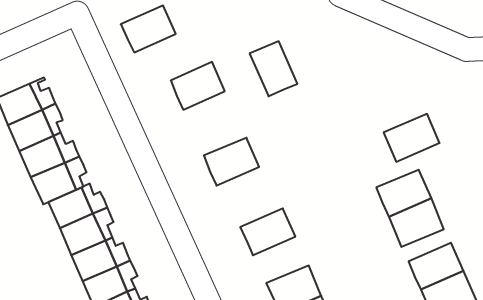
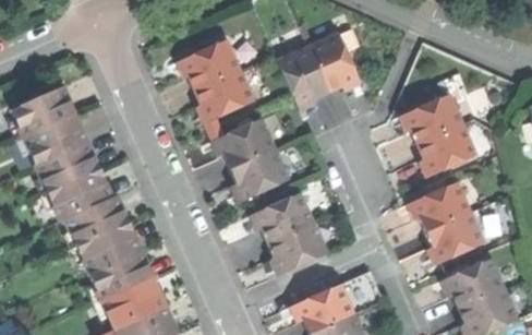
building: [121,6,176,52] -> [180,40,238,89]
building: none -> [307,34,359,93]
building: none -> [404,95,463,144]
building: none -> [215,119,274,168]
building: none -> [254,193,312,243]

